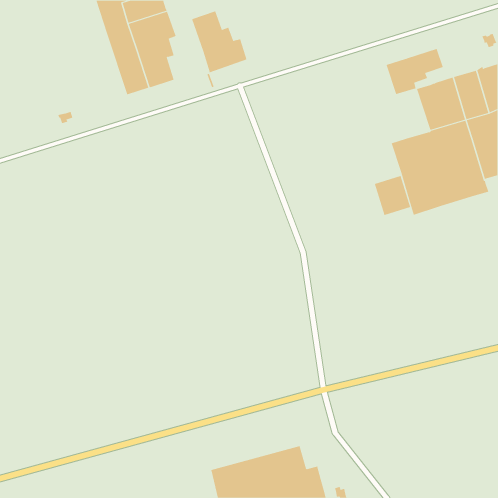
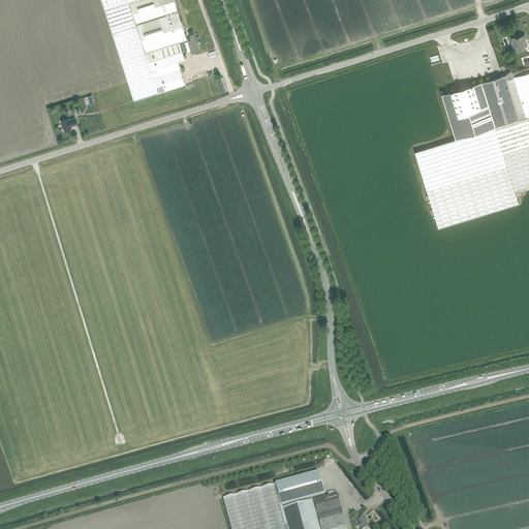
building: [192,11,247,73] -> none
building: [386,48,443,95] -> none
building: [374,175,411,216] -> none

